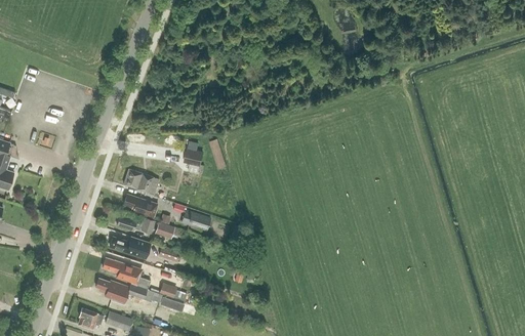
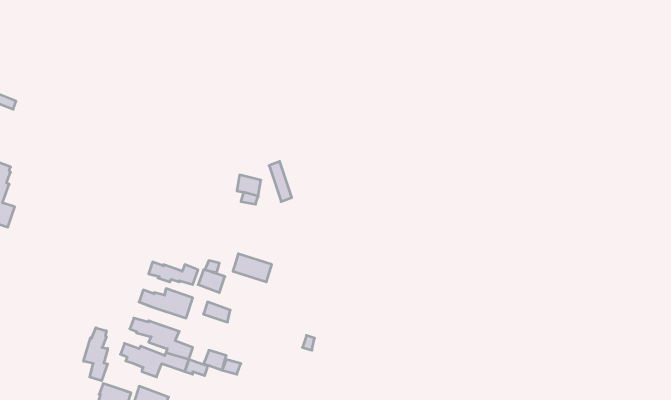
building: [124,168,159,194] -> none
building: [124,195,158,218] -> none
building: none -> [84,328,108,381]

